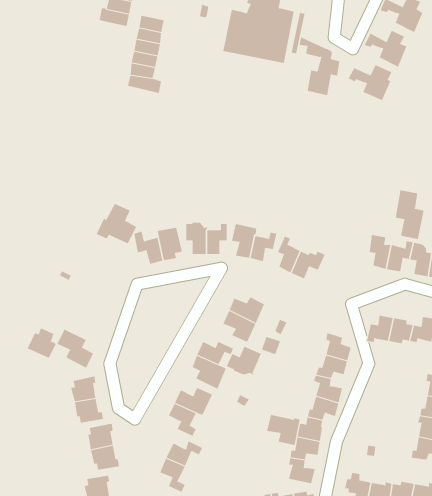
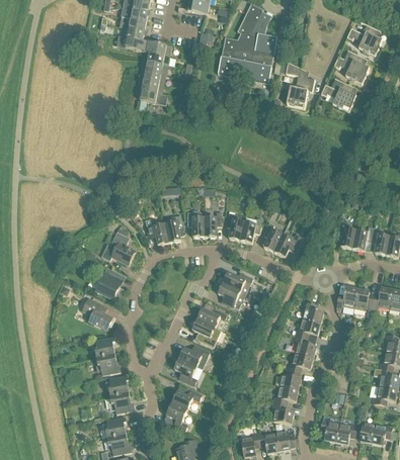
building: [395,189,424,240] -> none
building: [96,203,137,244] -> [101,231,135,264]
building: [27,328,57,359] -> [95,273,119,298]
building: [226,346,261,375] -> none
building: [267,414,300,446] -> none

